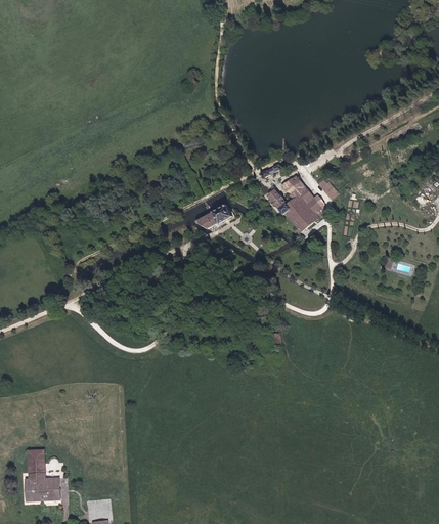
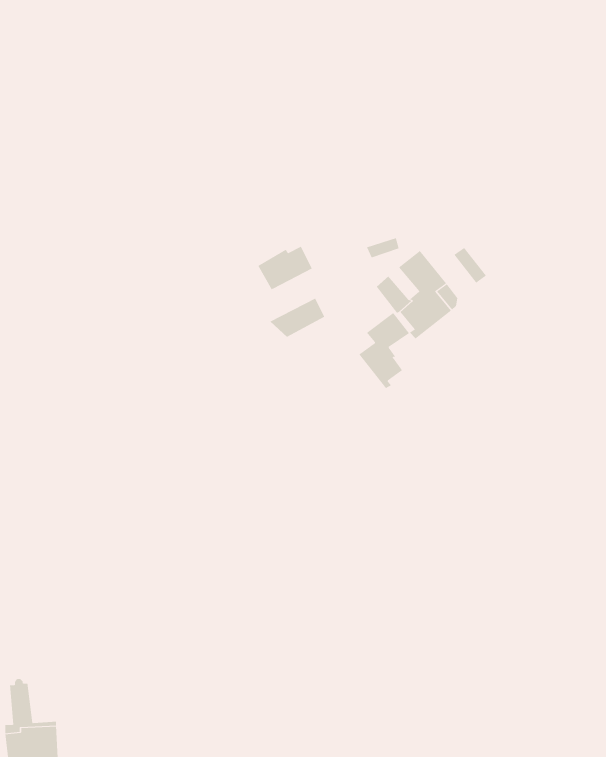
building: none -> [257,246,313,290]
building: none -> [358,312,410,389]

